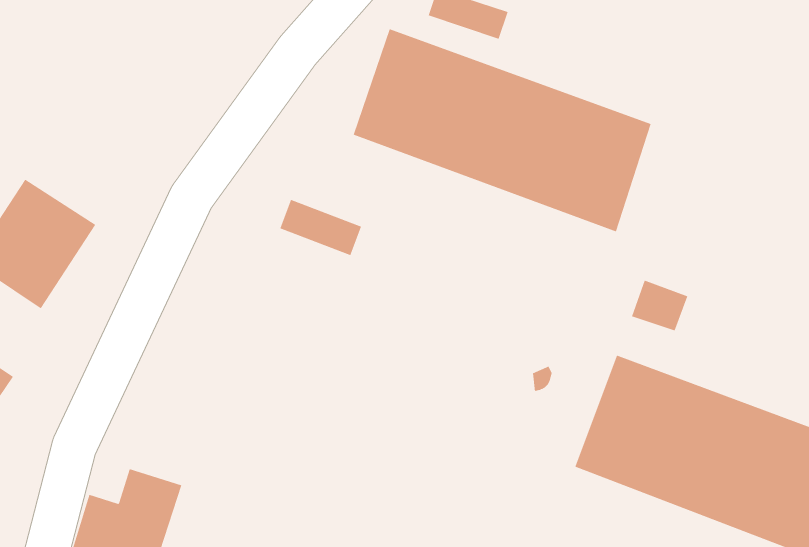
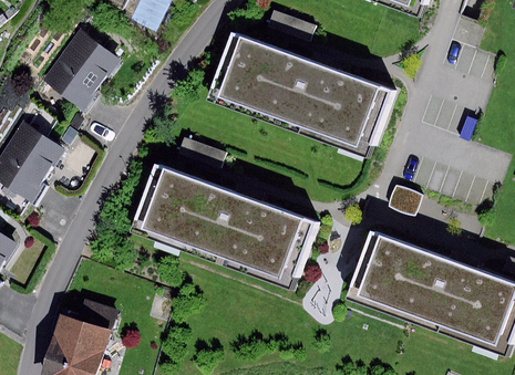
building: none -> [44,32,117,110]
building: none -> [136,165,315,285]

